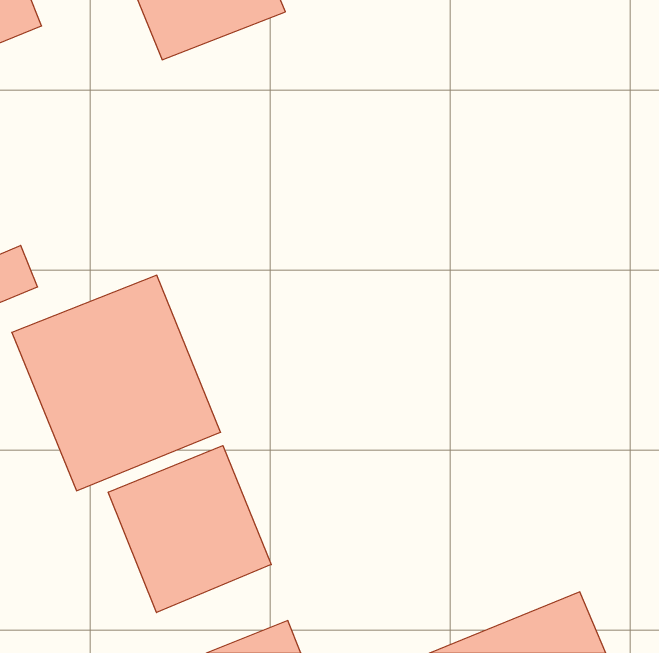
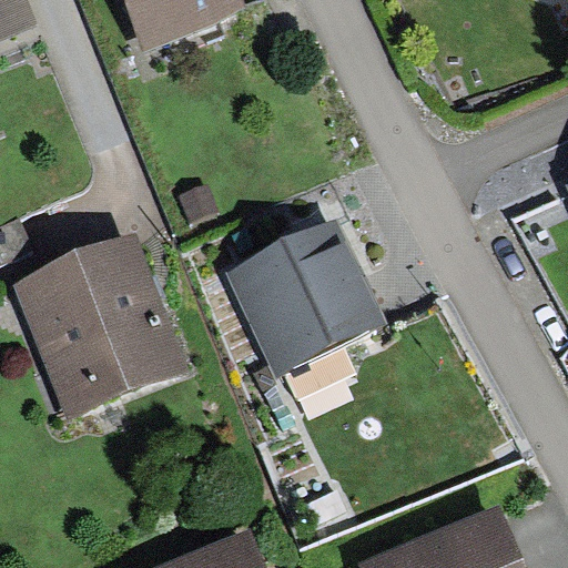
building: none -> [224,220,386,377]
building: [108,446,271,613] -> none

